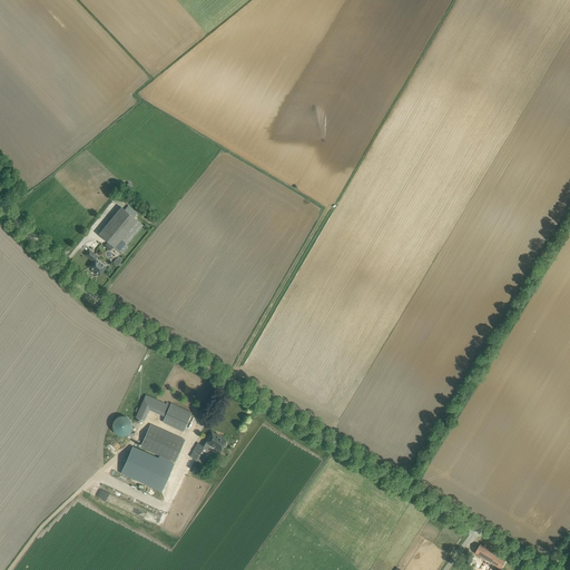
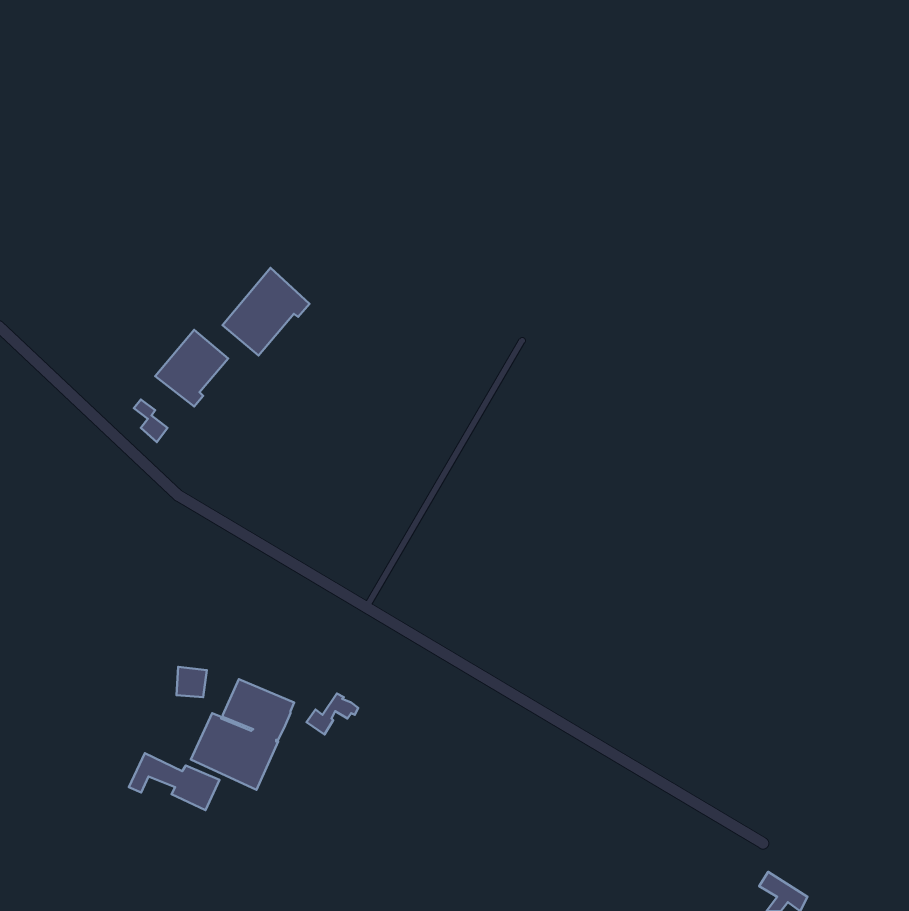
building: none -> [222,268,309,356]
building: [135,395,191,431] -> [129,753,220,810]

